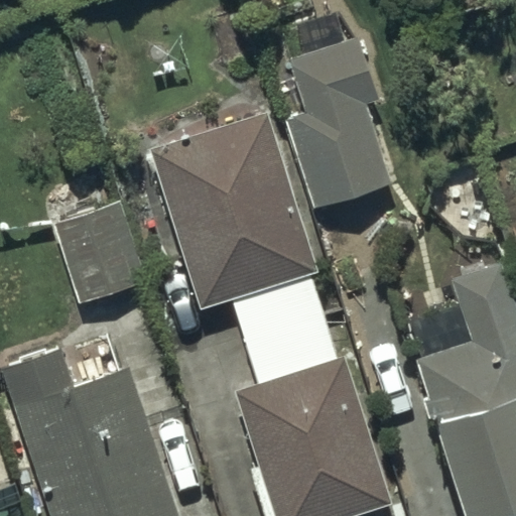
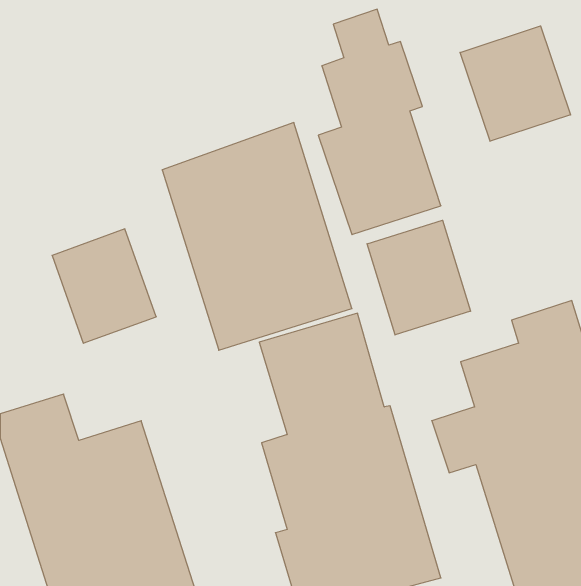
building: none -> [460,26,571,141]
building: none -> [367,220,471,335]

